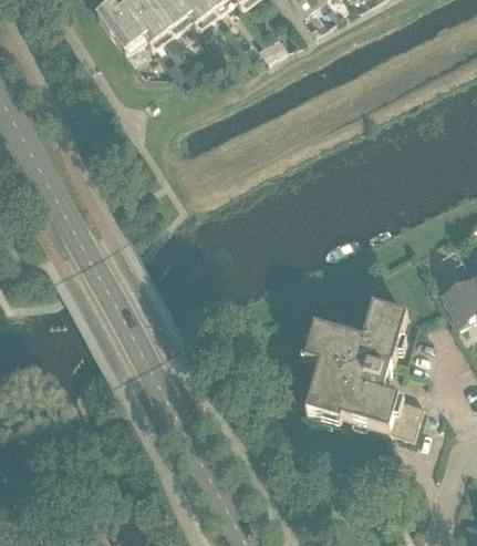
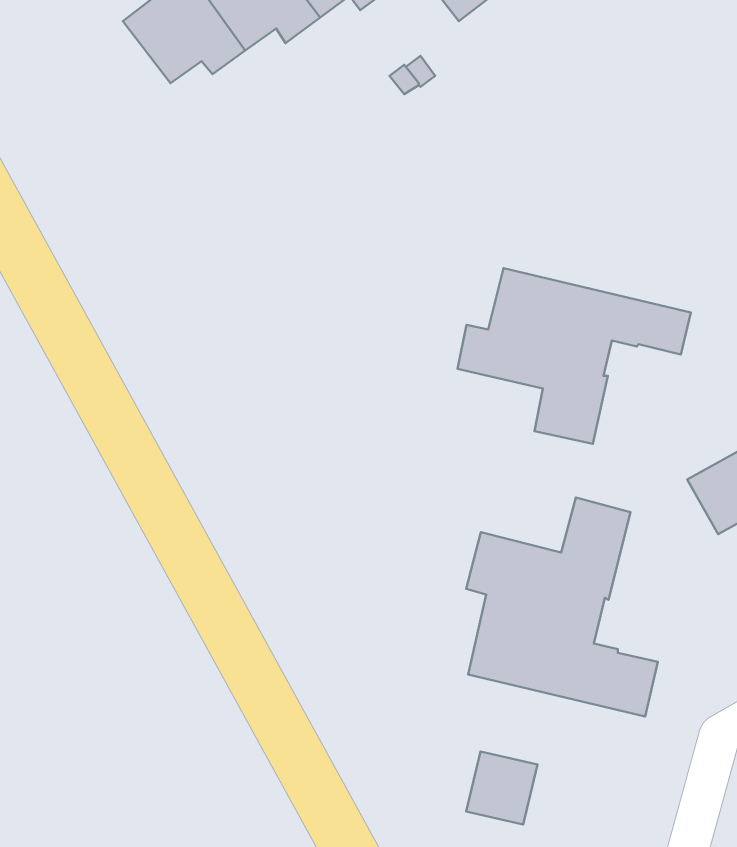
building: none -> [457,268,691,444]
building: none -> [466,752,537,824]

